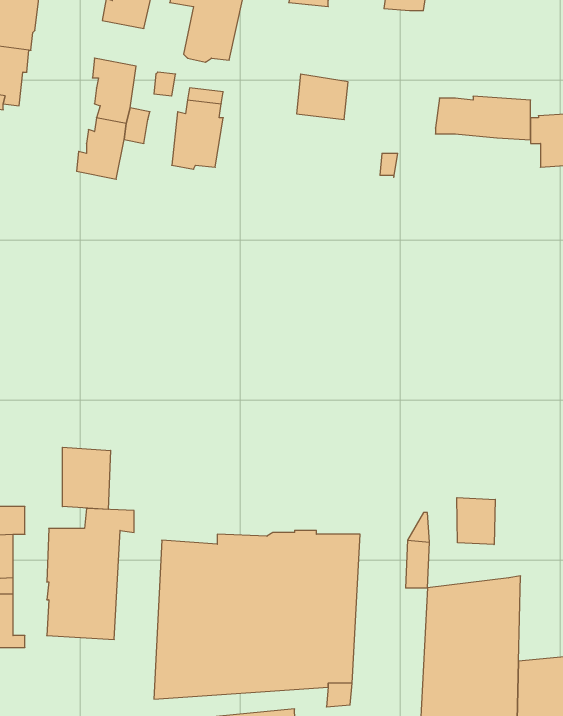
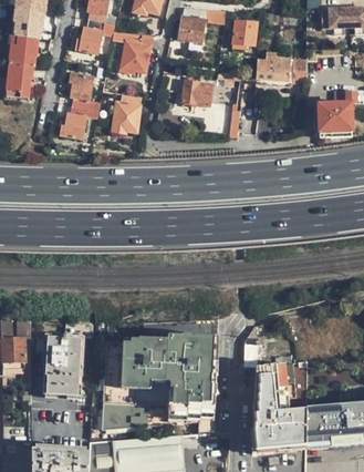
building: [435,96,531,140] -> [253,57,306,81]
building: [62,447,111,509] -> none
building: [457,498,495,545] -> none

